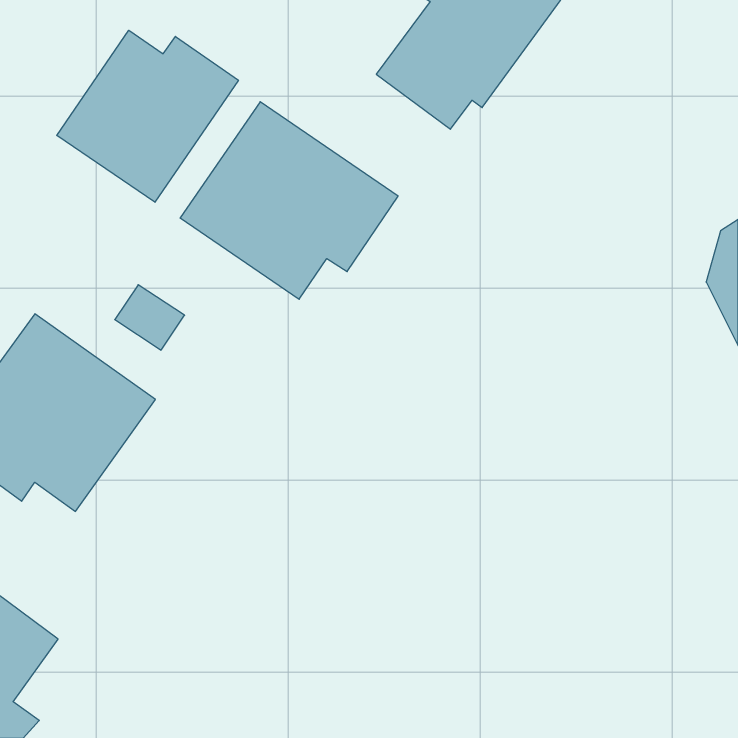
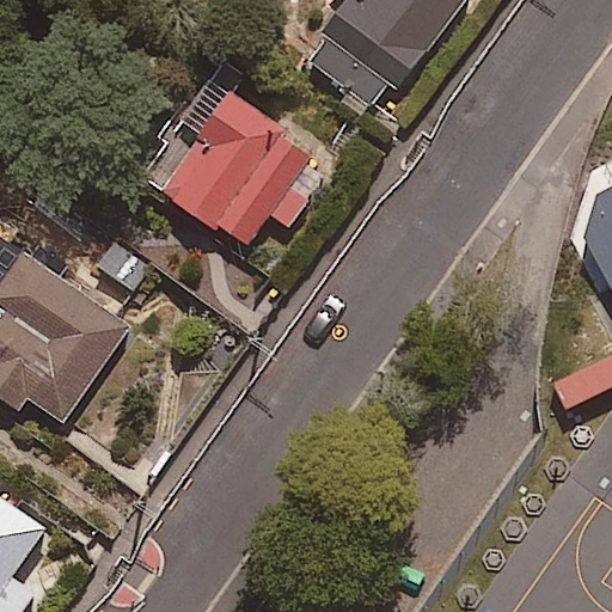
building: [57,30,238,202] -> none

